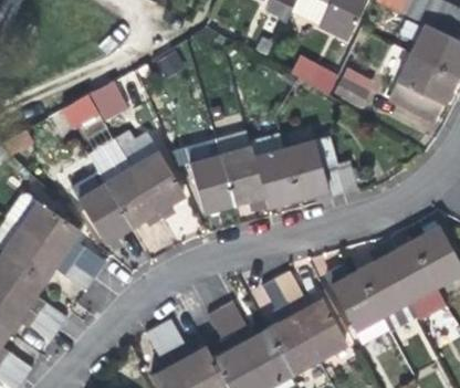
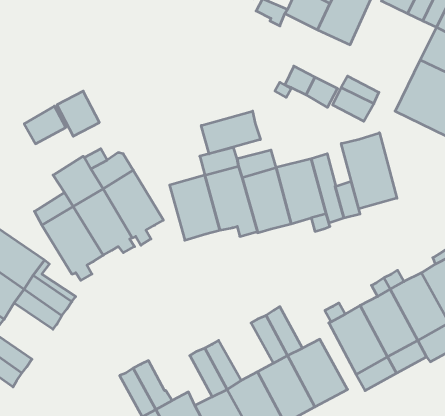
building: none -> [201,111,260,154]
building: none -> [341,133,397,209]

